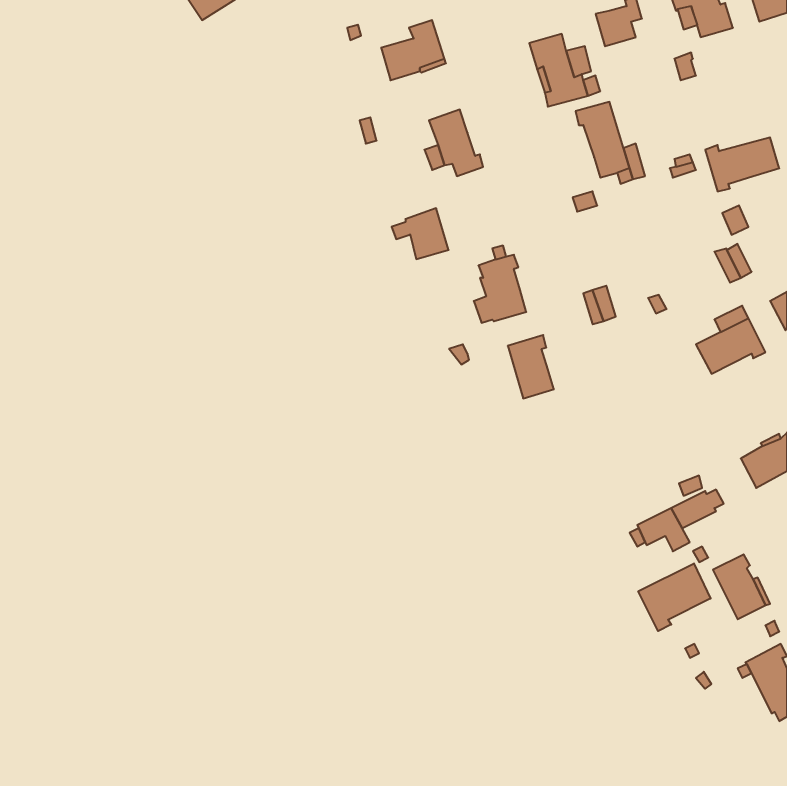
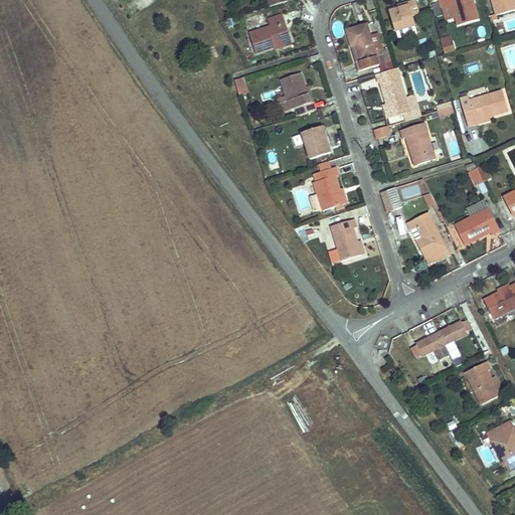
building: none -> [399,123,435,164]
building: [392,208,449,259] -> [293,125,330,158]
building: none -> [406,211,449,264]
building: [638,563,711,631] -> none

